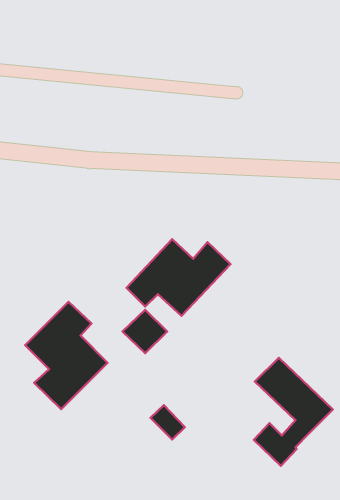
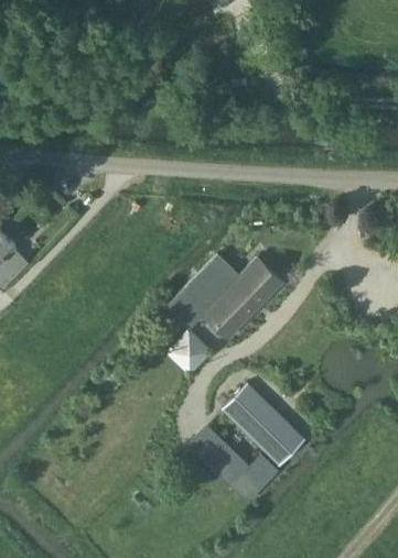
building: [25,302,107,409] -> none
building: [254,358,333,466] -> [222,386,305,501]

